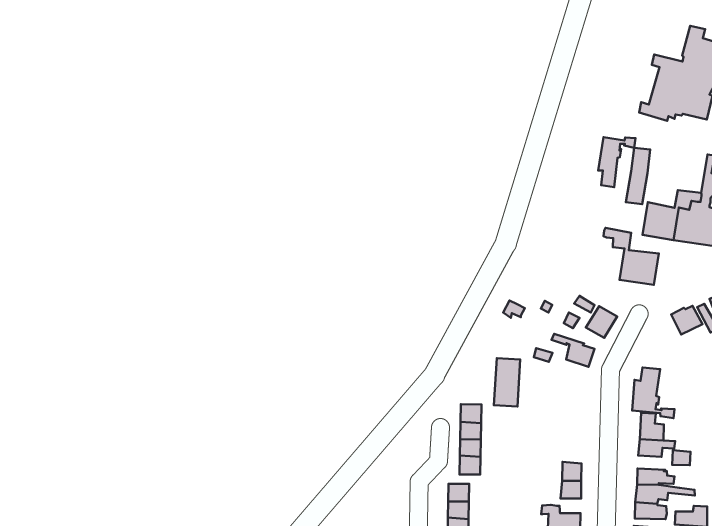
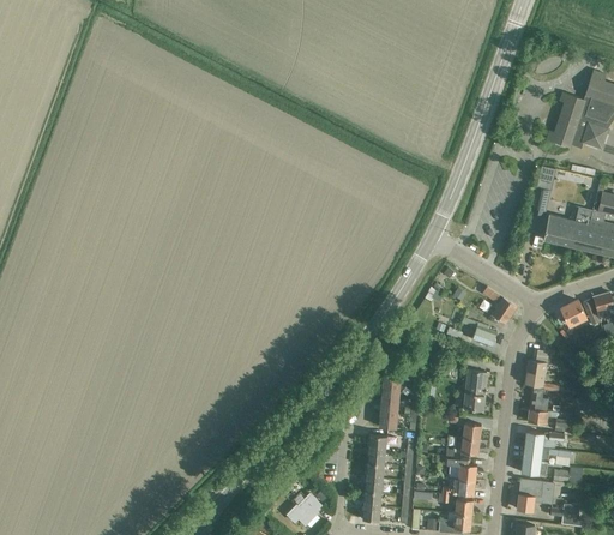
building: [598,137,635,187] -> none
building: [604,228,659,285] -> none
building: [494,358,520,406] -> [464,371,488,411]

